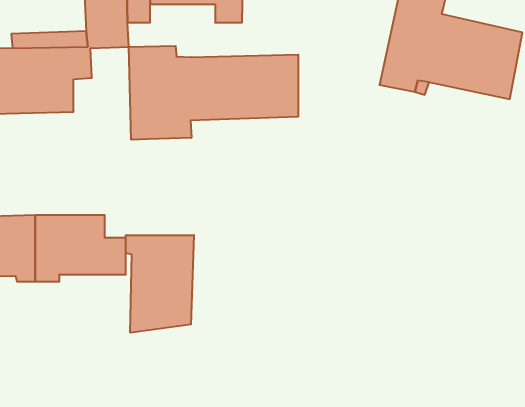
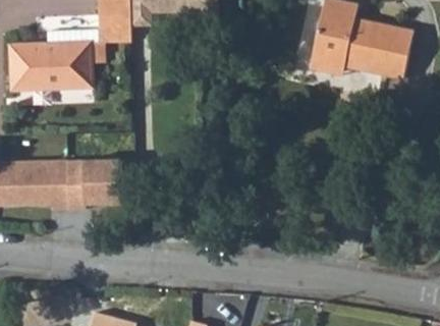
building: [129,46,298,140] -> none
building: [126,235,194,333] -> none

